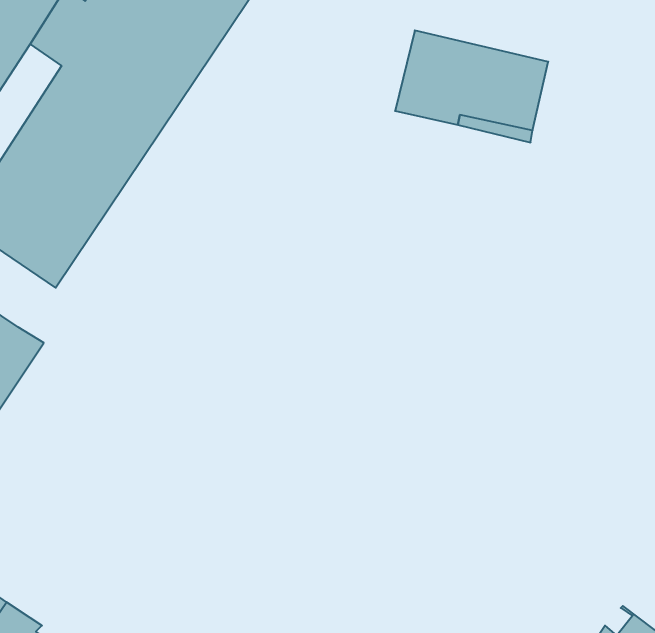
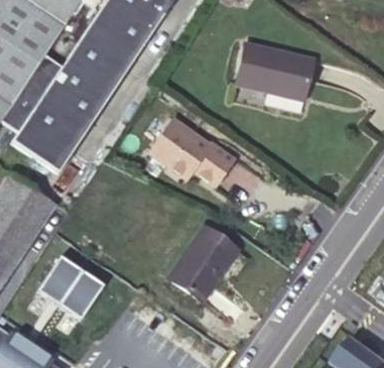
building: none -> [151,114,237,179]
building: none -> [174,221,242,305]
building: none -> [40,251,106,315]

